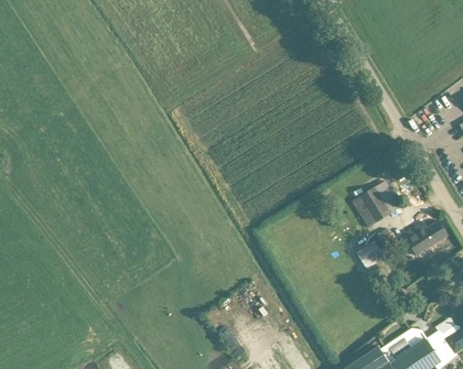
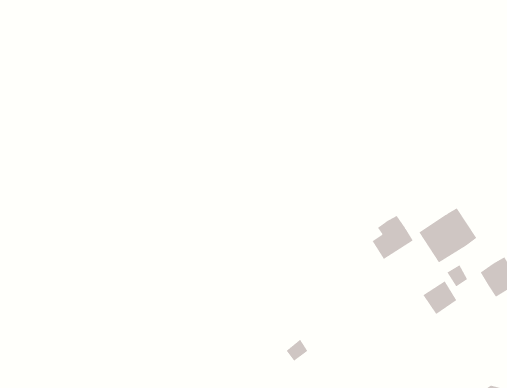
building: none -> [372,215,413,260]

